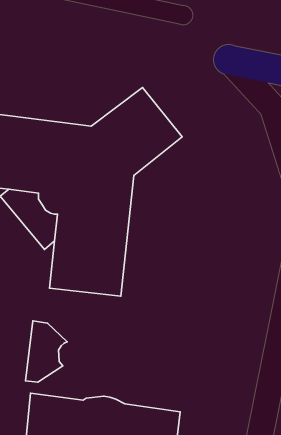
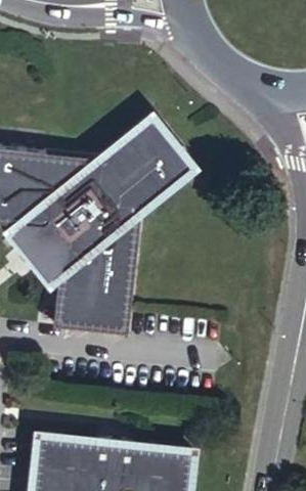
building: [25,321,67,382] -> none

